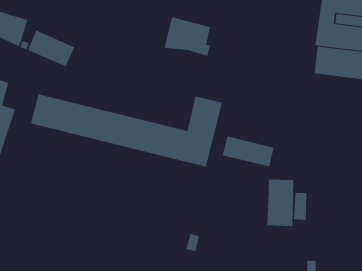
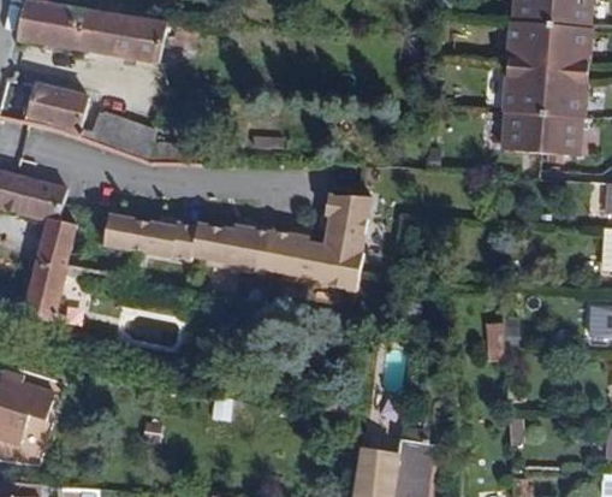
building: [164,16,211,57] -> none
building: [222,135,274,167] -> none
building: [267,179,294,227] -> none

